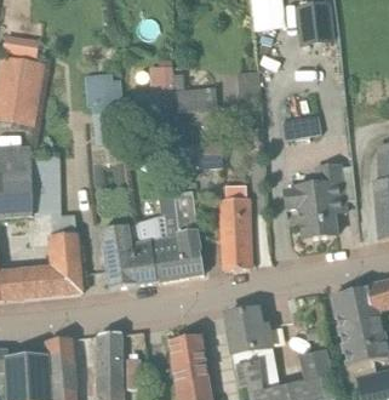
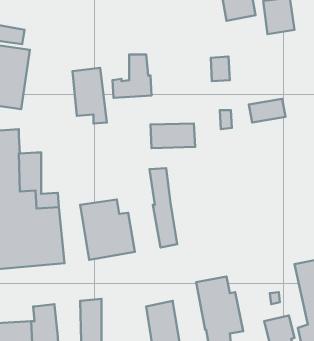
building: [175,86,218,110] -> none
building: [284,162,344,238] -> none
building: [138,190,185,280] -> none
building: [221,198,248,268] -> none

